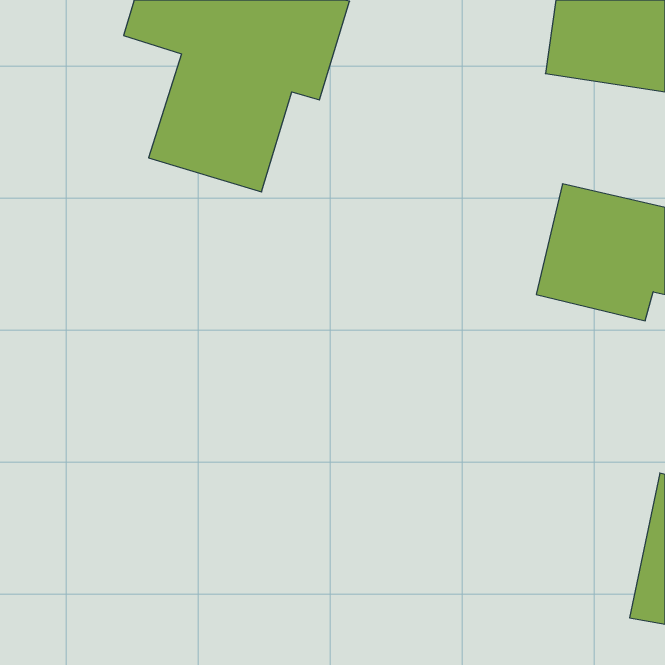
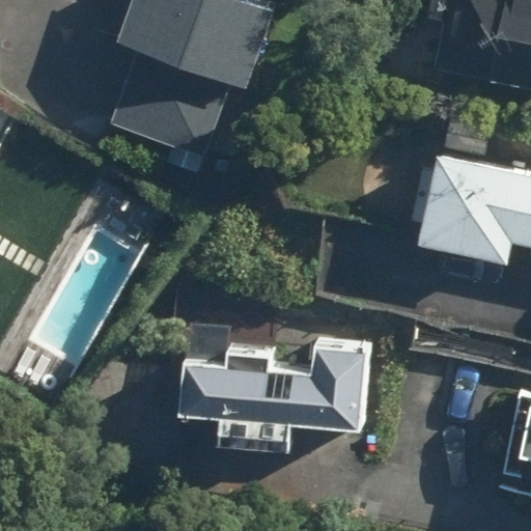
building: none -> [181,343,371,452]

